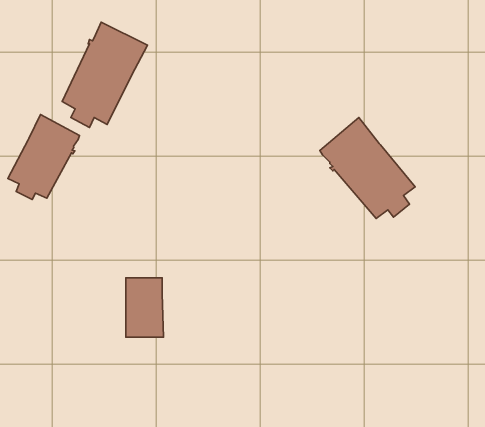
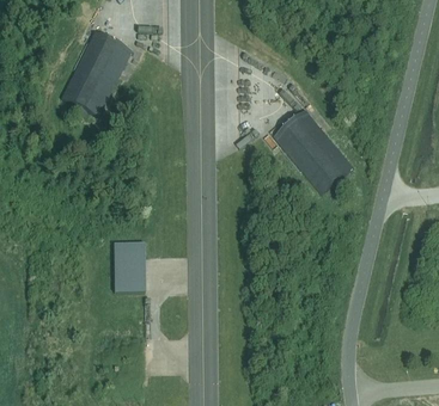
building: [8,115,80,200] -> none

